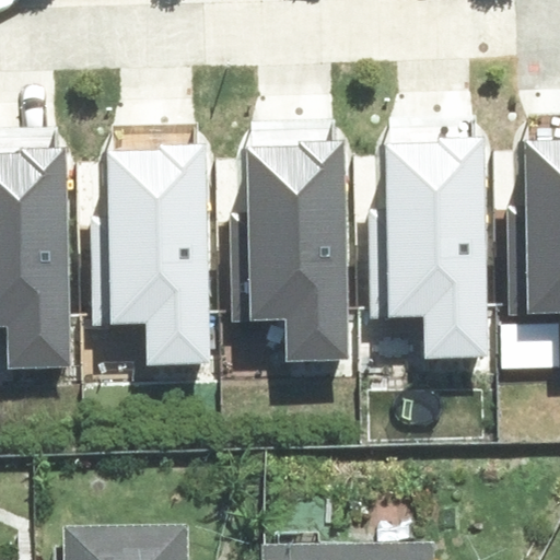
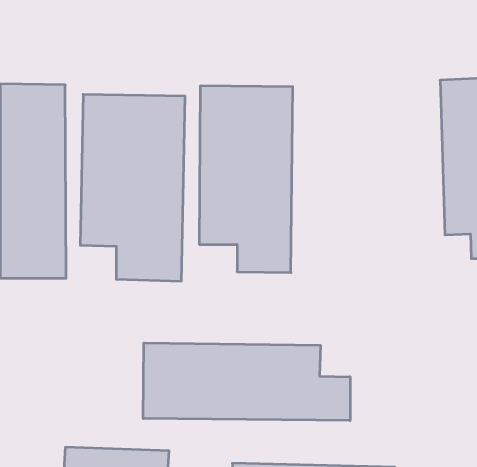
building: [377,121,482,324] -> none
building: none -> [143,343,350,421]

